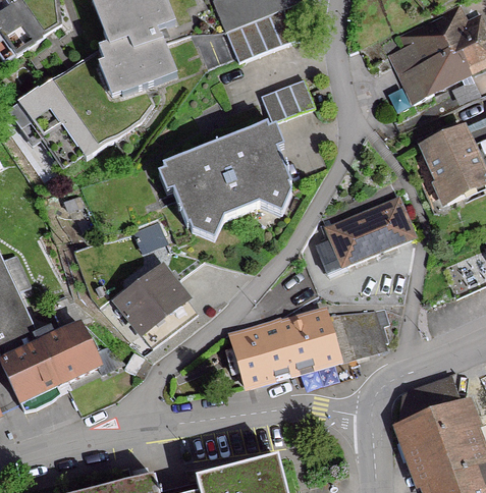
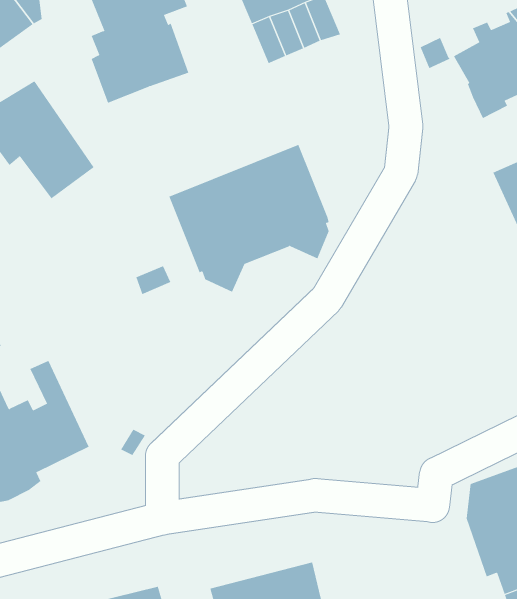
building: [54,50,155,143] -> none
building: [259,79,313,124] -> none
building: [314,199,412,273] -> none
building: [116,268,184,333] -> none
building: [228,288,387,387] -> none

